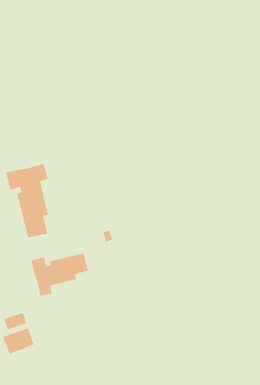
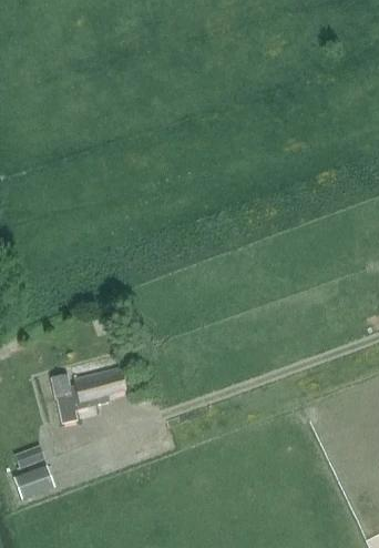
building: [5,163,49,238] -> none

